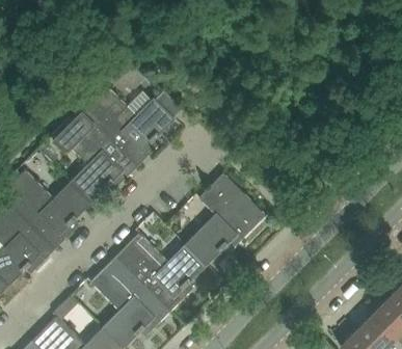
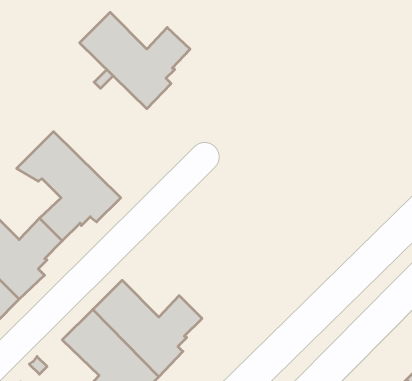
building: [83,86,173,165] -> [80,12,190,109]
building: [186,172,266,264] -> none

